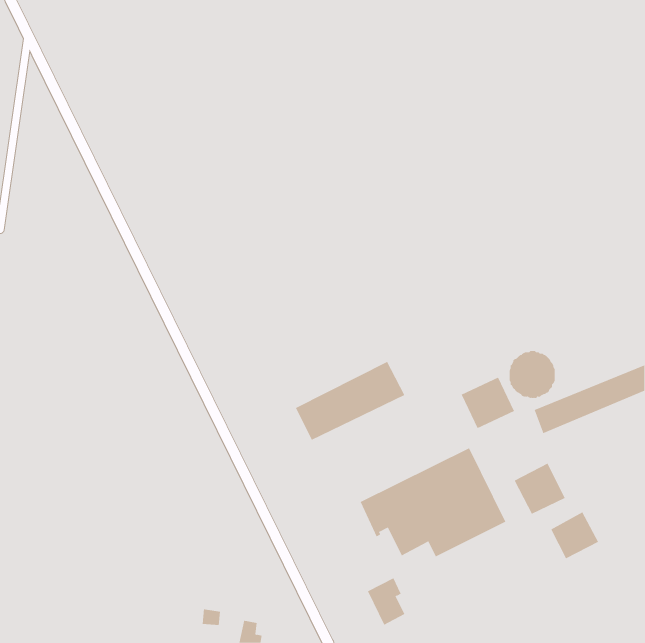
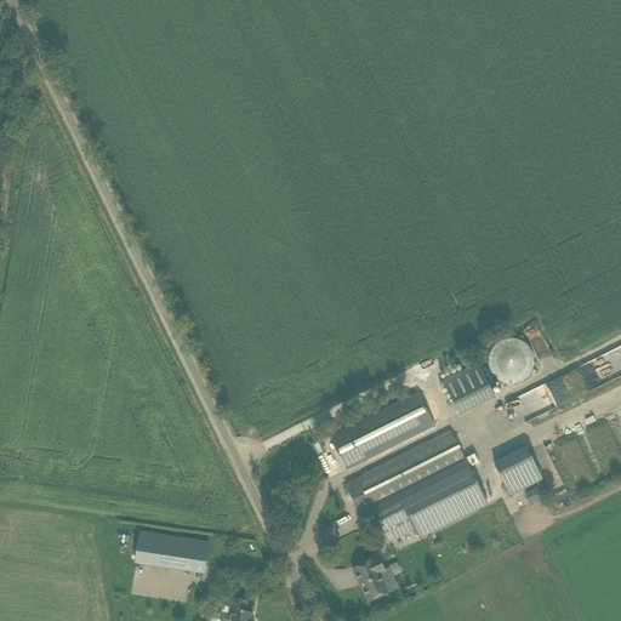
building: [295,361,405,441] -> [330,392,435,468]
building: [550,512,599,559] -> none
building: none -> [135,531,210,572]

